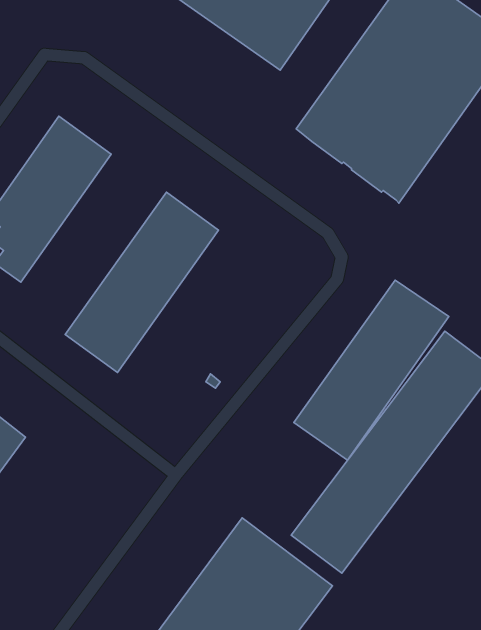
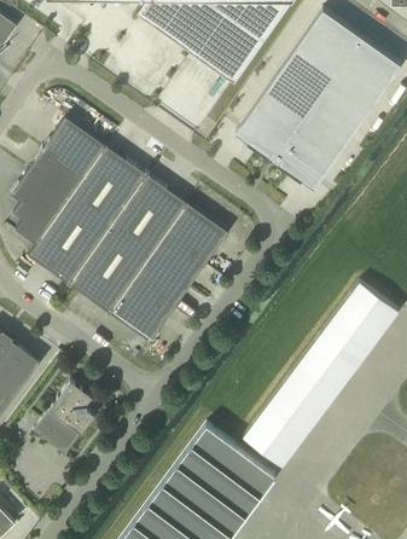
building: none -> [28,145,146,283]
building: [294,280,449,460] -> [109,203,227,341]
building: none -> [33,381,93,454]

